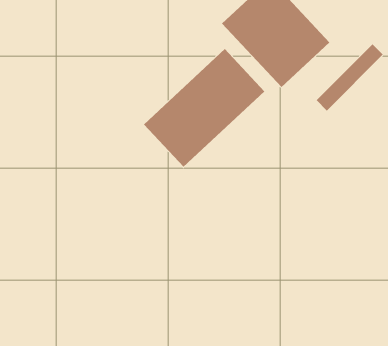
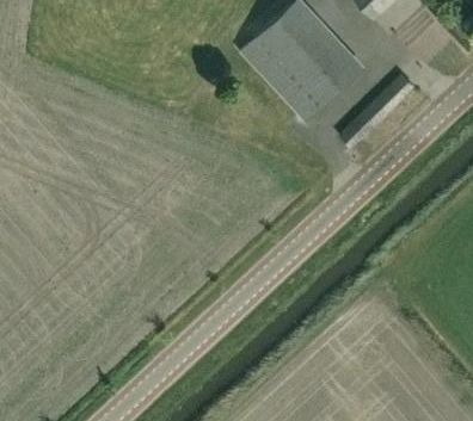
building: [143,48,265,168] -> none

